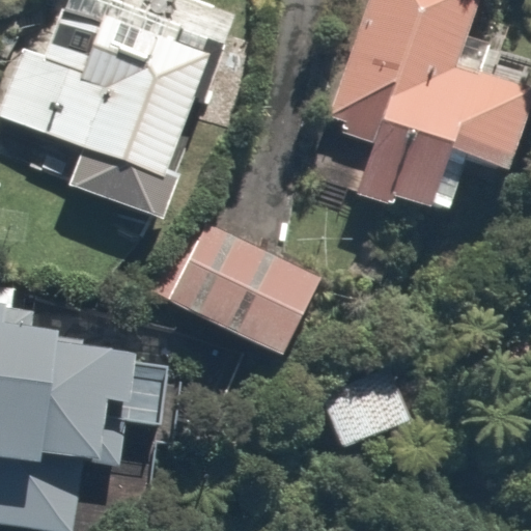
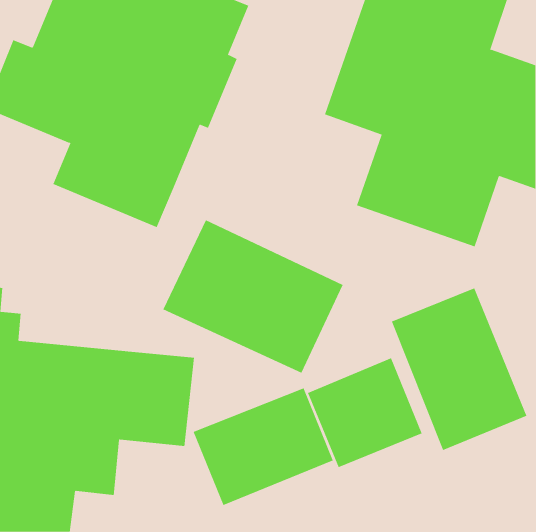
building: none -> [391,287,527,451]
building: none -> [193,388,333,506]

